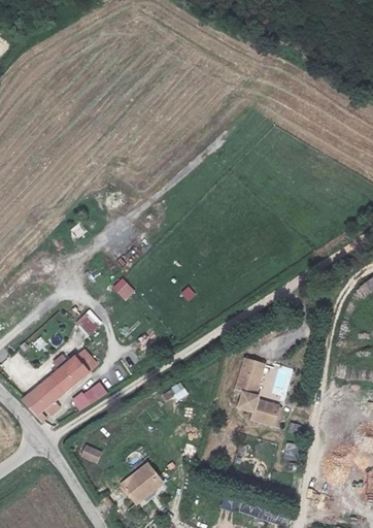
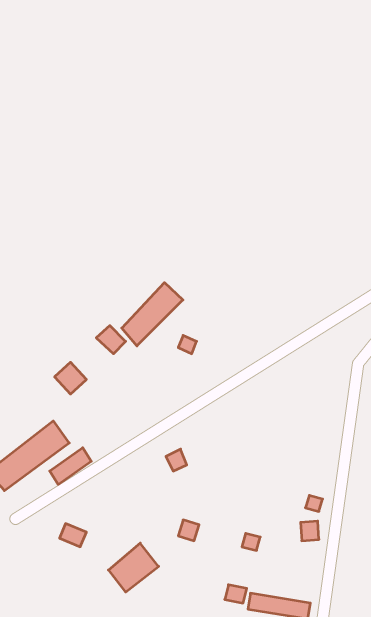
building: none -> [122,283,183,346]
building: [234,359,277,425] -> none

